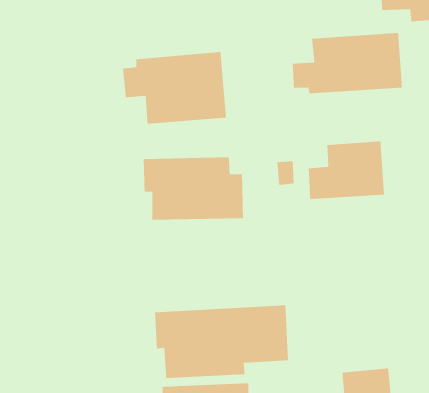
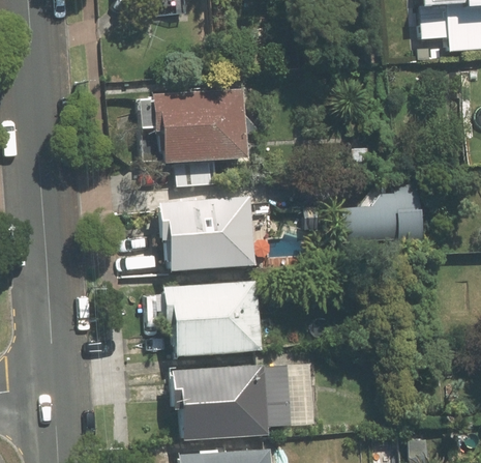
building: [292,32,403,94] -> none
building: none -> [163,280,260,357]

